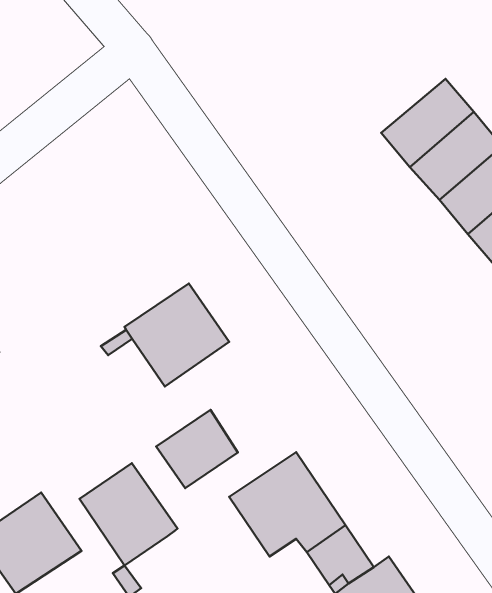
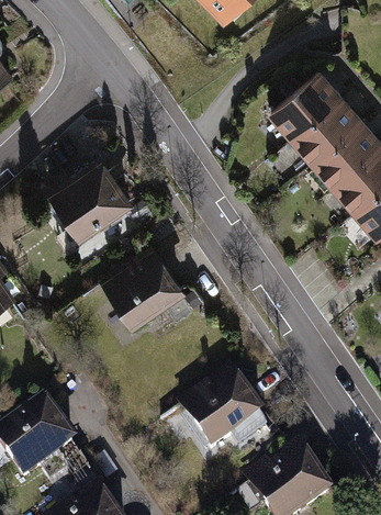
building: none -> [273,75,341,139]
building: none -> [53,164,130,238]
building: [156,410,238,488] -> none
building: [80,463,177,566] -> none

